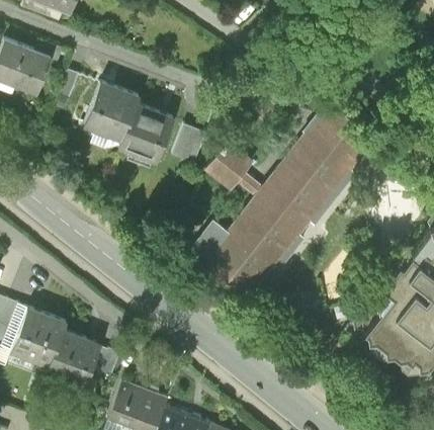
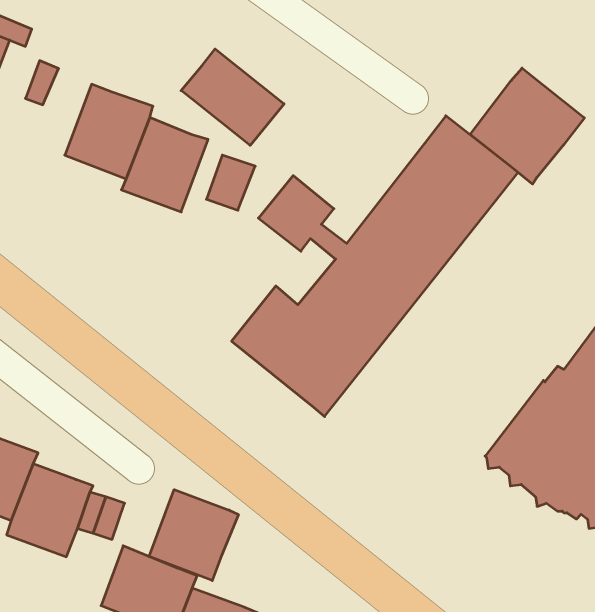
building: none -> [181,49,284,145]
building: none -> [470,68,584,184]
building: none -> [149,490,238,581]

